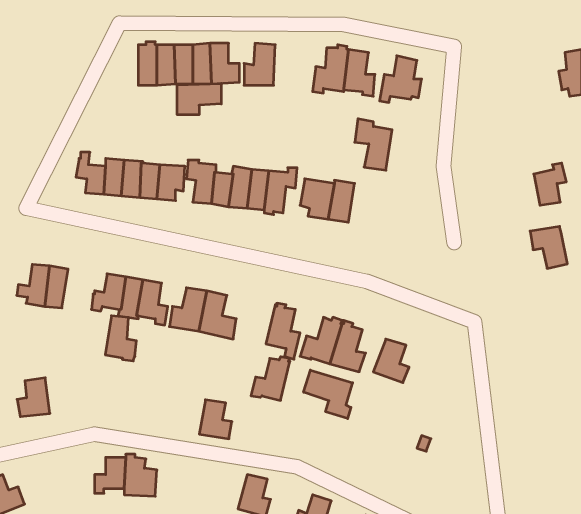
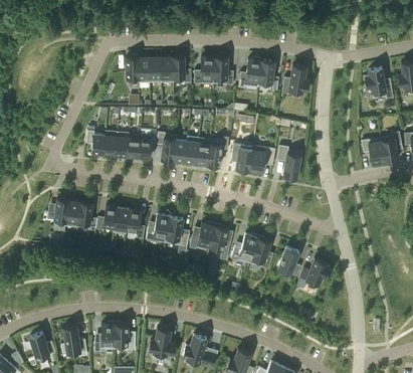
building: none -> [213,57,233,84]
building: none -> [364,67,393,99]
building: [177,83,221,115] -> none
building: [355,119,392,170] -> [276,145,300,178]
building: [530,226,567,268] -> [361,137,385,164]
building: [105,316,136,361] -> [76,202,96,231]
building: none -> [296,258,331,289]
building: [251,357,290,400] -> [189,222,214,250]
building: [304,370,353,419] -> none
building: [17,378,50,417] -> [63,325,84,350]
building: [199,400,232,439] -> [156,328,177,353]

